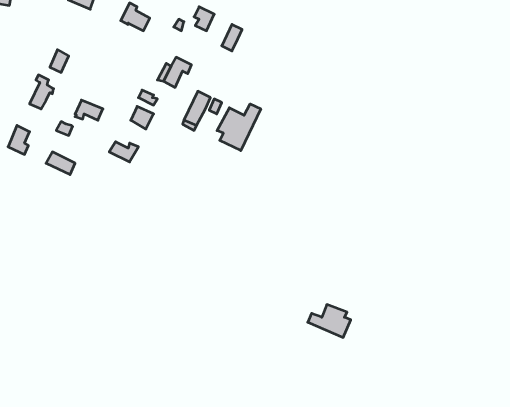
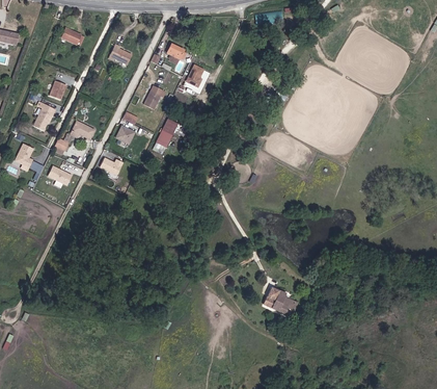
building: [217,104,261,151] -> none

